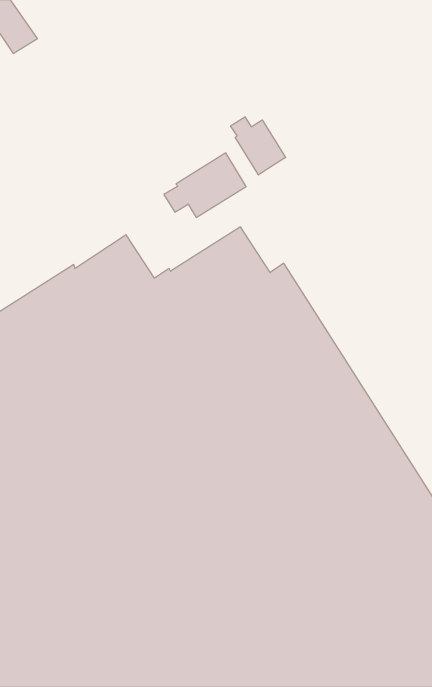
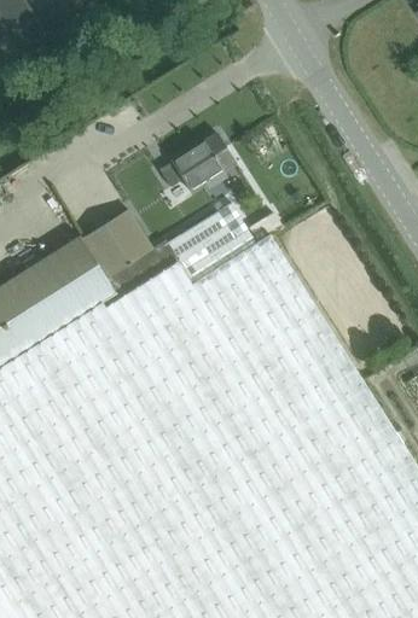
building: [231,117,286,175] -> none

